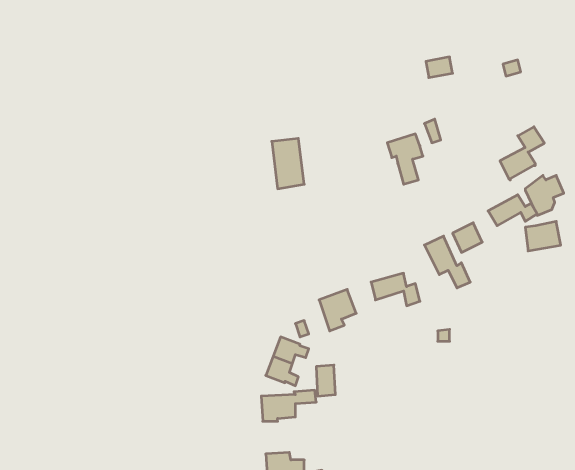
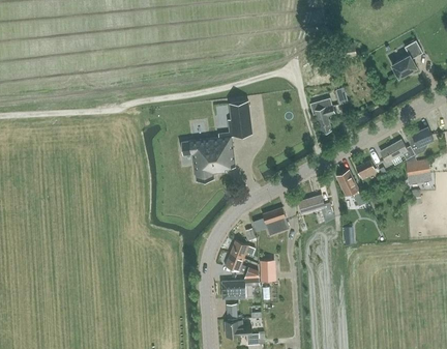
building: [500,127,544,180] -> [392,41,423,79]
building: none -> [182,137,235,181]

